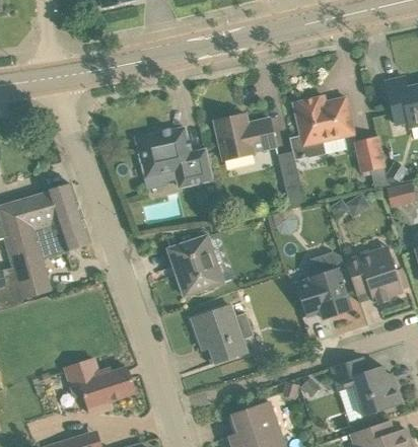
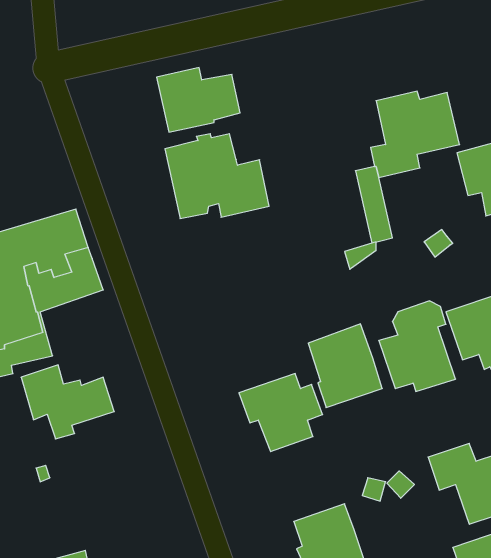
building: [213,113,275,160] -> [157,68,240,132]
building: [169,233,224,295] -> [308,324,382,408]
building: [65,357,134,412] -> [21,365,114,439]

